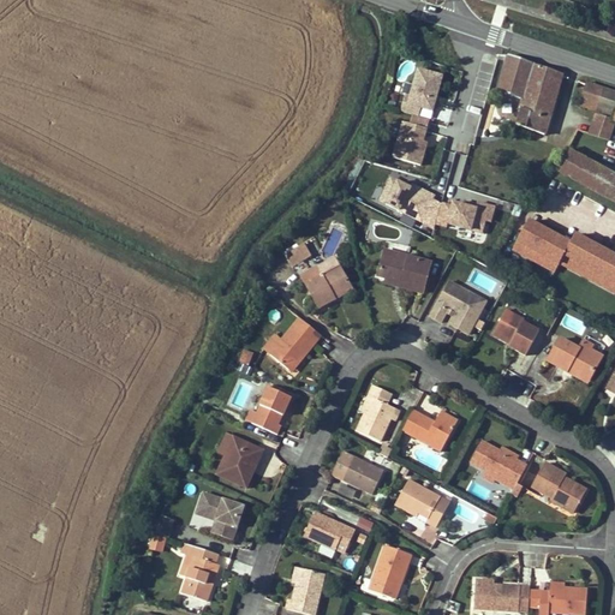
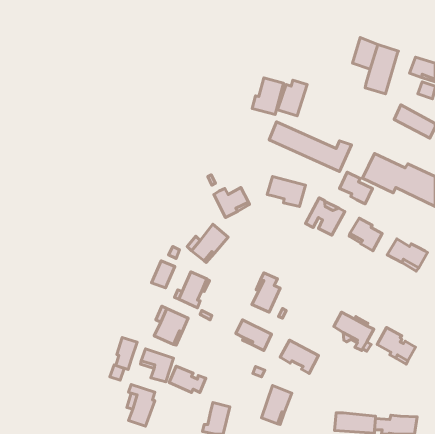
building: [400,65,444,117] -> [252,78,284,115]
building: none -> [340,172,373,204]
building: none -> [151,261,175,288]
building: [402,408,459,450] -> none
building: none -> [116,337,137,370]
building: [304,512,356,549] -> [169,366,206,393]

